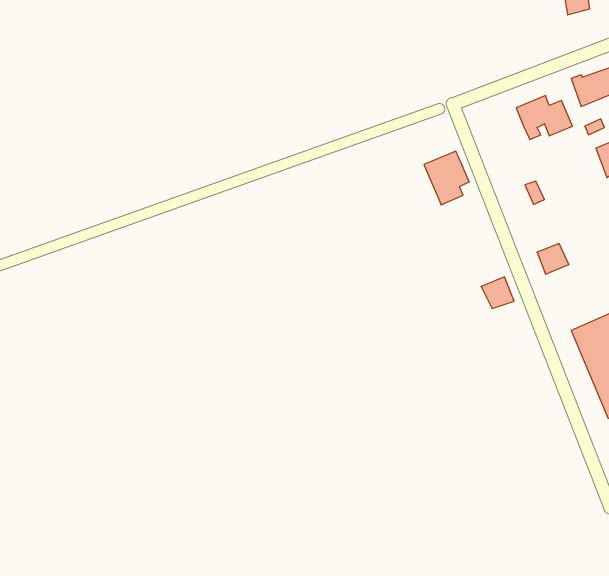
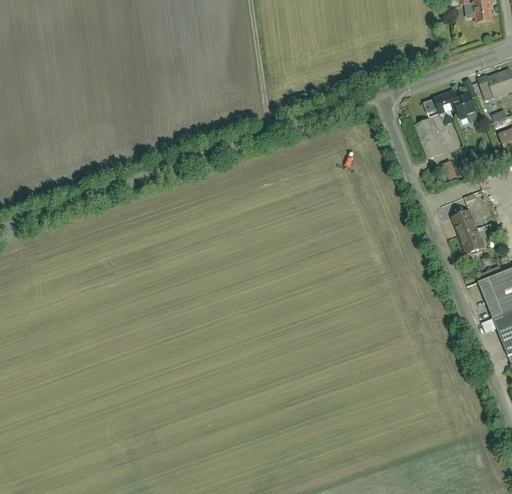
building: [424,151,469,205] -> [414,115,451,159]
building: [481,277,514,309] -> [458,228,485,254]

